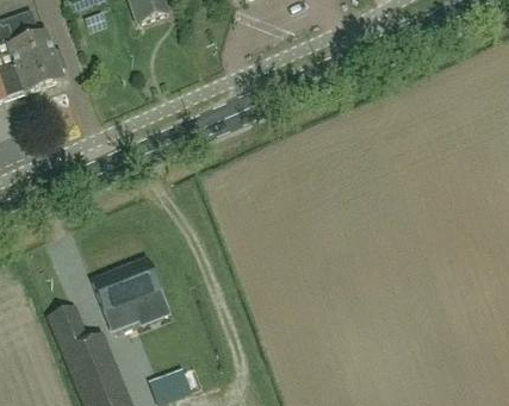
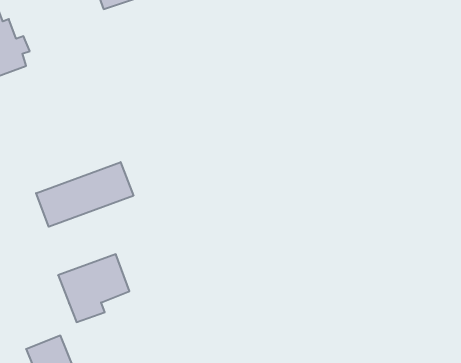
building: none -> [36,162,133,227]
building: [49,304,89,349] -> none

